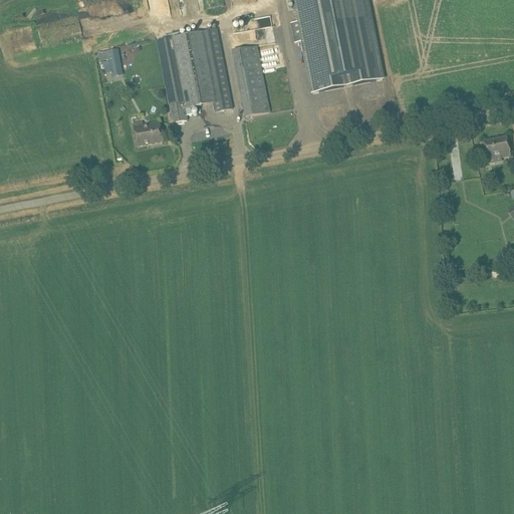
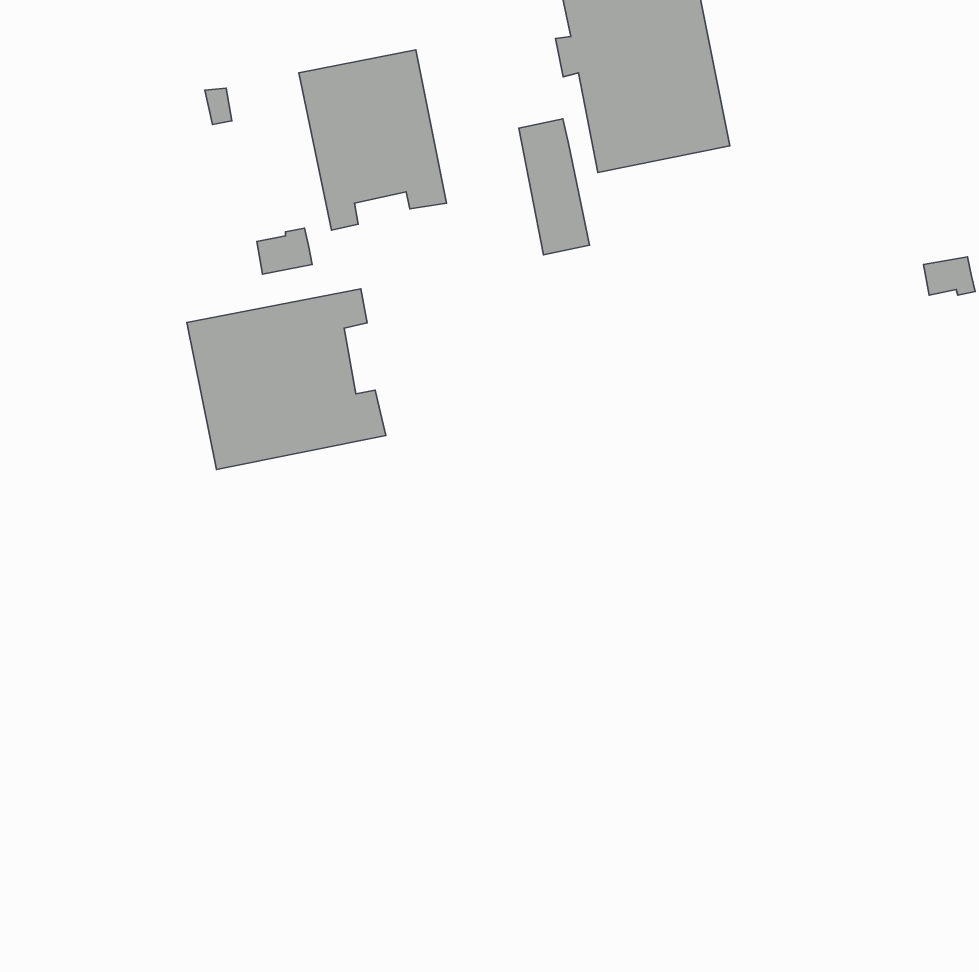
building: [233,42,270,113] -> [519,119,590,255]
building: none -> [187,289,386,469]

